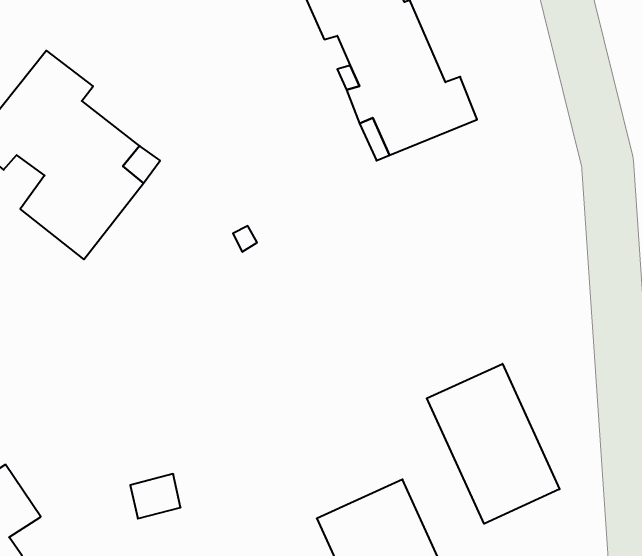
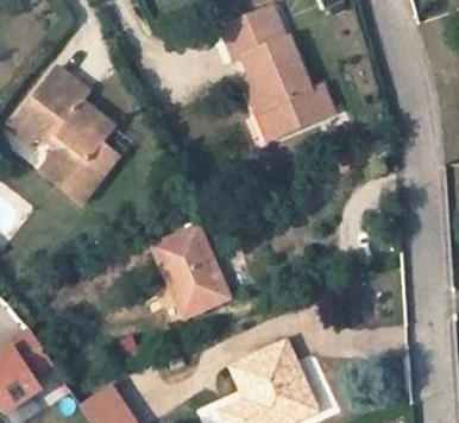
building: none -> [152,226,230,315]
building: [427,364,560,524] -> none

